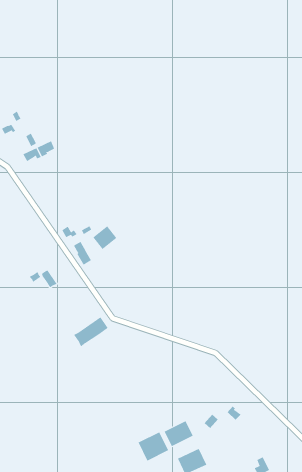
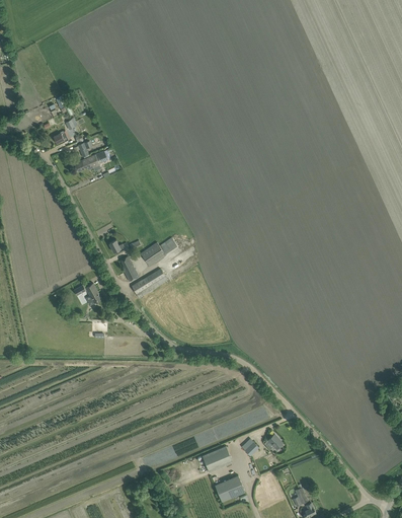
building: [73,316,108,347] -> [131,268,167,298]
building: [138,431,169,461] -> none

